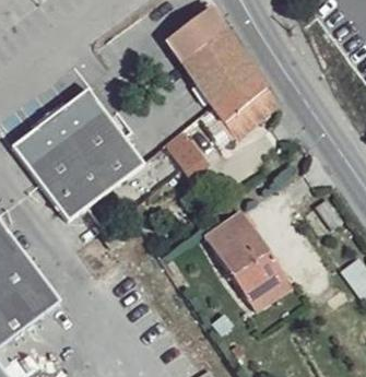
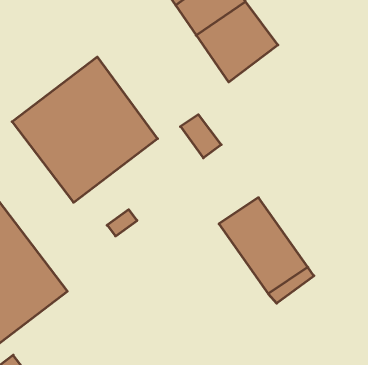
building: [212,76,278,142] -> none

